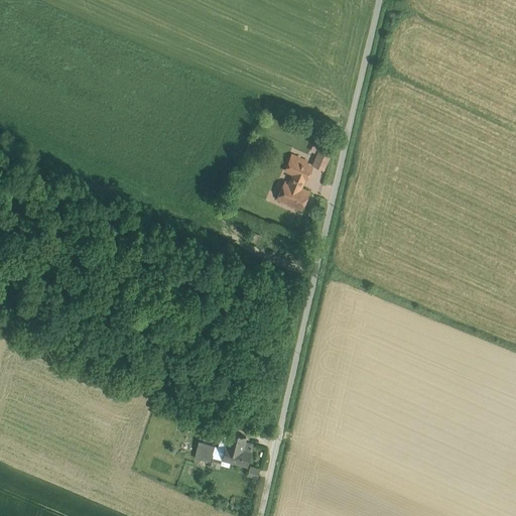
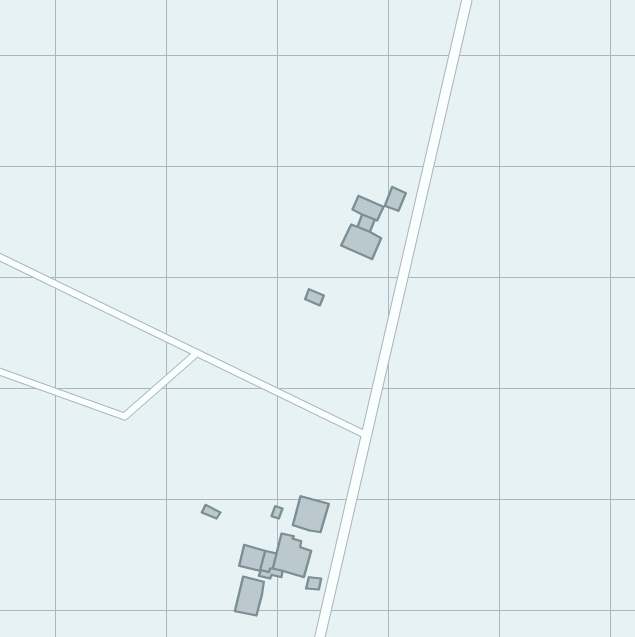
building: none -> [293,496,329,532]
building: none -> [235,576,264,615]

